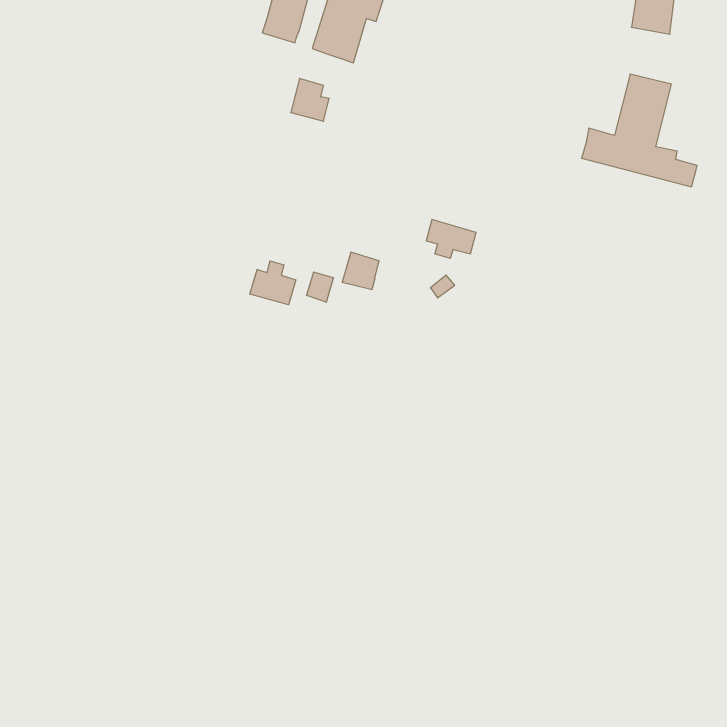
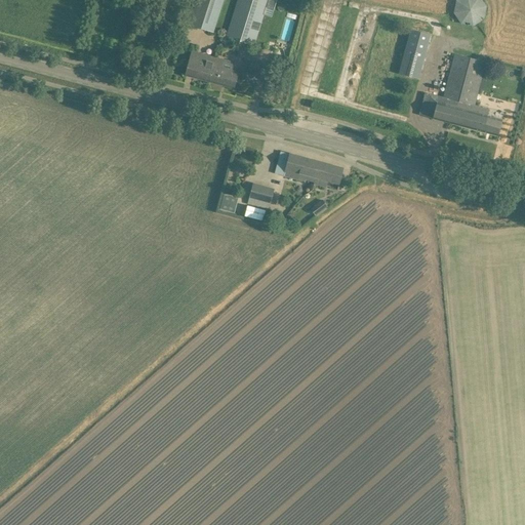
building: none -> [398,27,431,78]
building: none -> [185,50,215,81]
building: none -> [274,150,311,178]
building: [250,261,296,305] -> none

